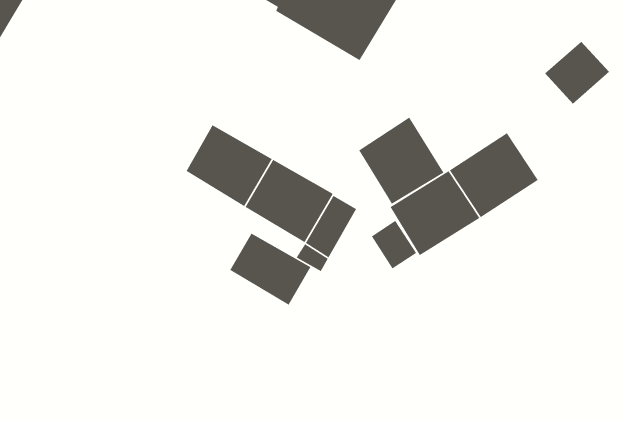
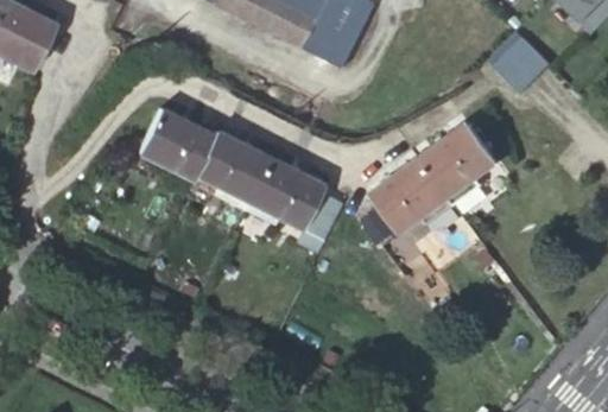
building: none -> [138,107,214,178]
building: [358,117,445,205] -> none
building: [229,232,311,305] -> none

